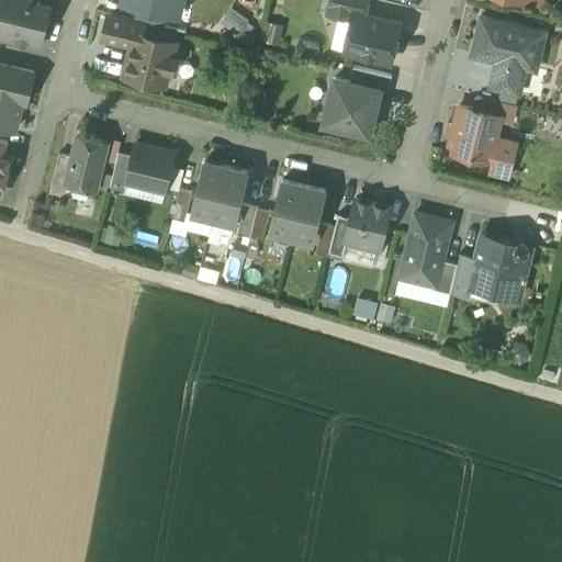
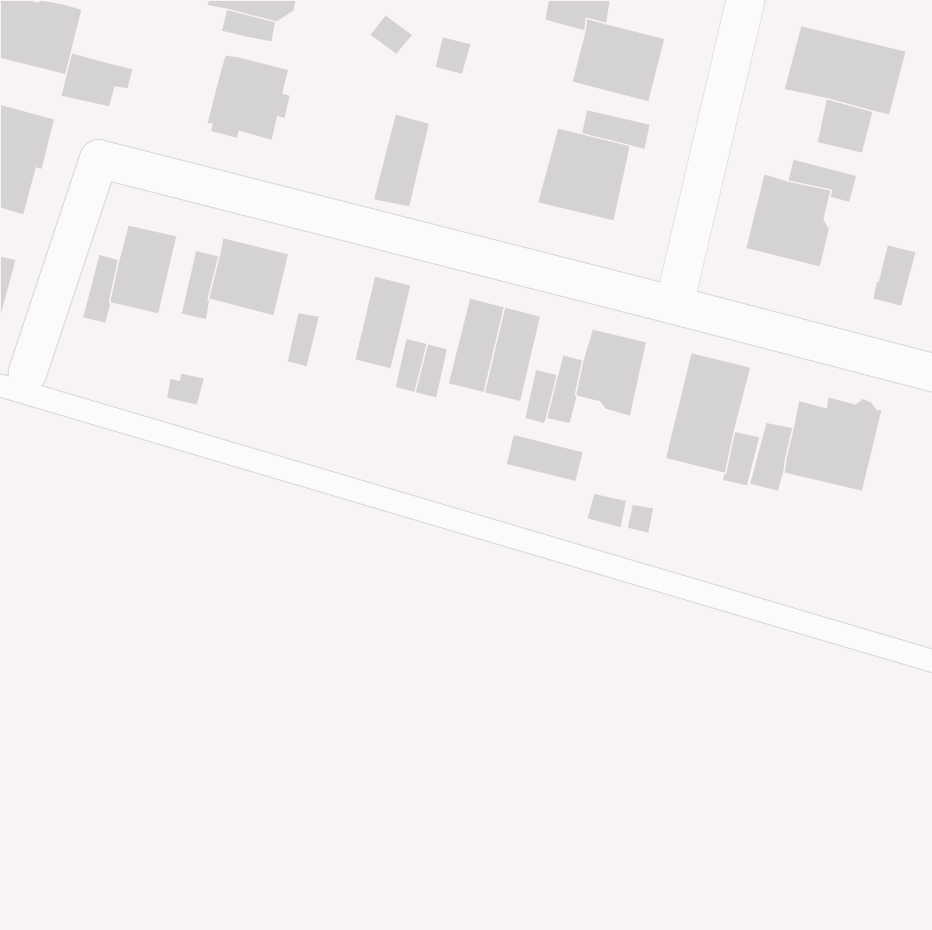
building: [103,14,147,47] -> [60,52,134,107]
building: [491,140,517,178] -> [873,244,916,307]
building: [192,162,226,218] -> [373,114,430,207]
building: none -> [506,434,583,482]

